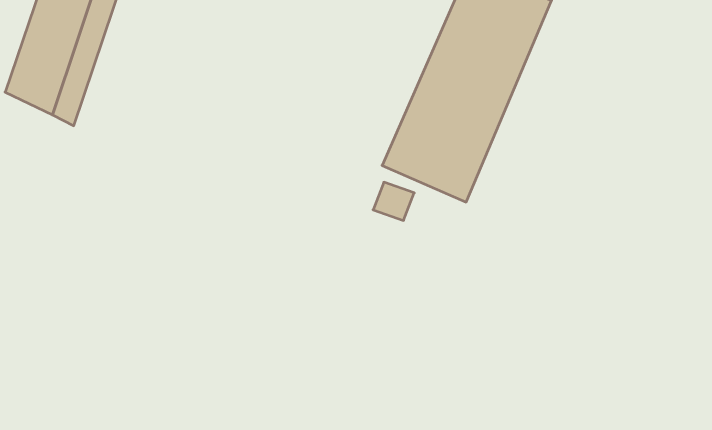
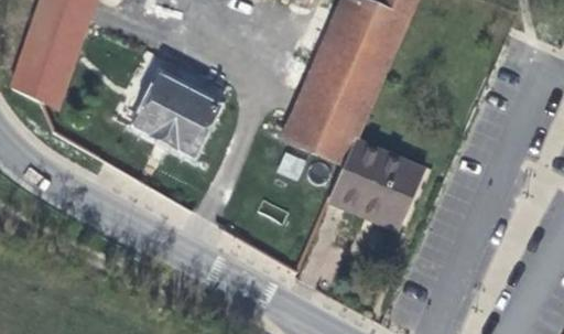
building: none -> [132,76,216,155]
building: none -> [333,142,424,228]

